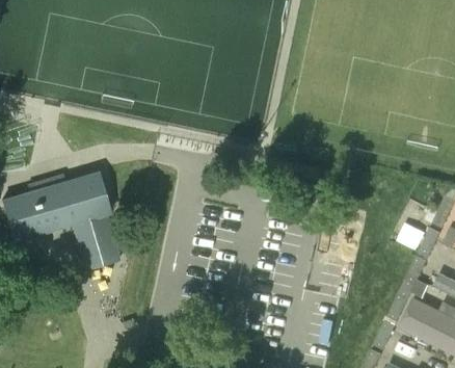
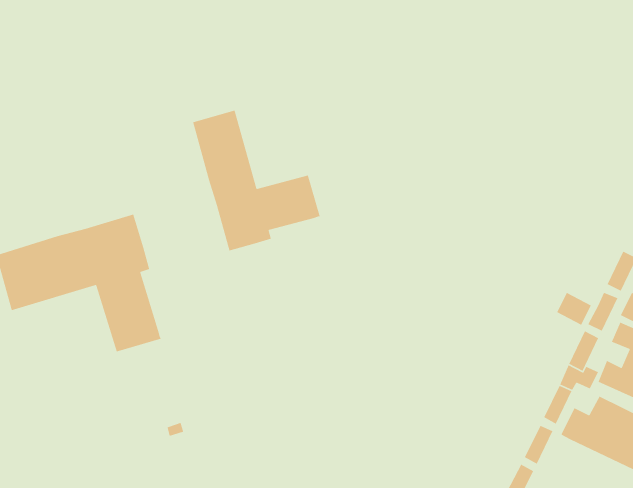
building: none -> [192,110,321,251]

